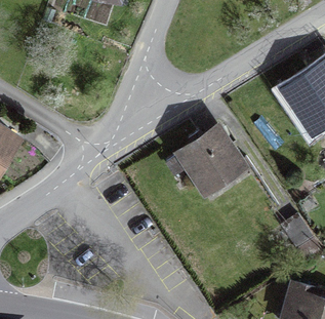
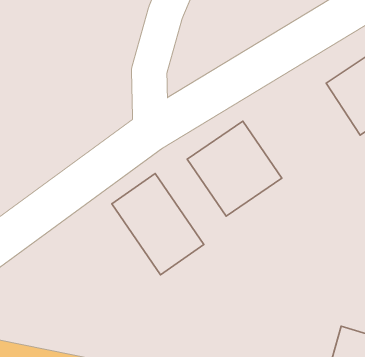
building: none -> [112,174,204,275]

